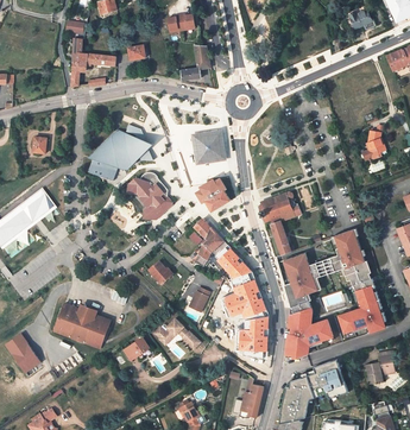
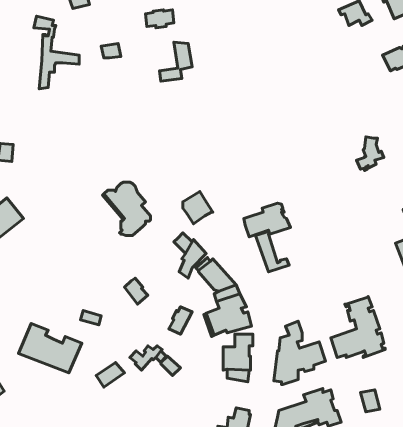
building: [88,124,153,181] -> none
building: [195,133,222,159] -> none
building: [283,232,370,306] -> none

